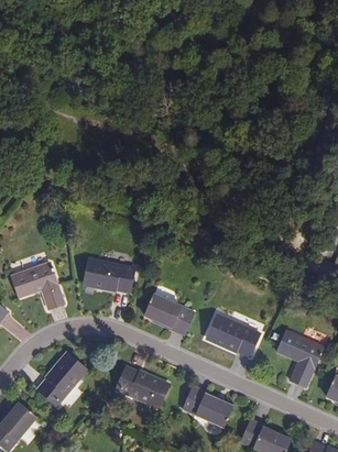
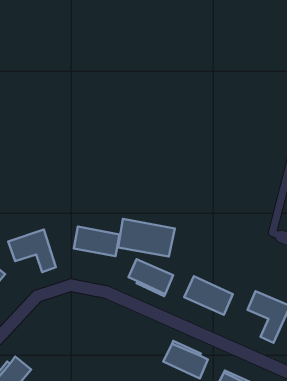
building: none -> [118,219,175,257]
building: [37,353,87,406] -> none
building: [116,366,170,408] -> none

